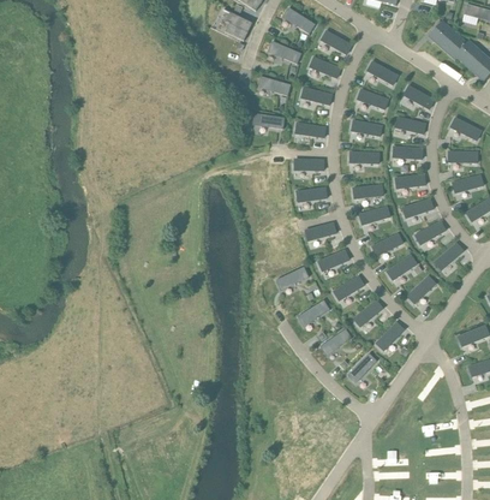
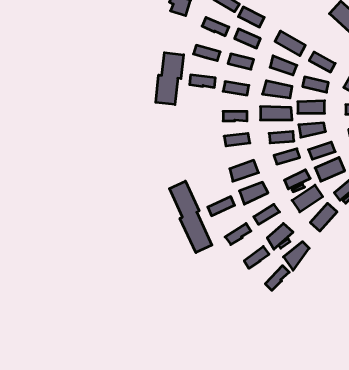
building: none -> [156,53,184,105]
building: none -> [169,181,212,253]

